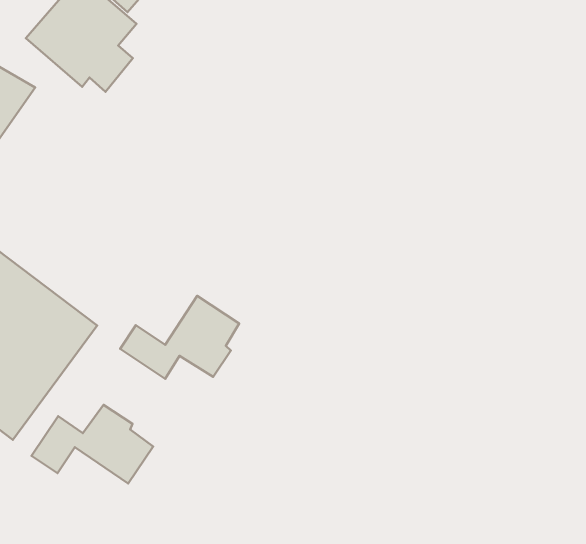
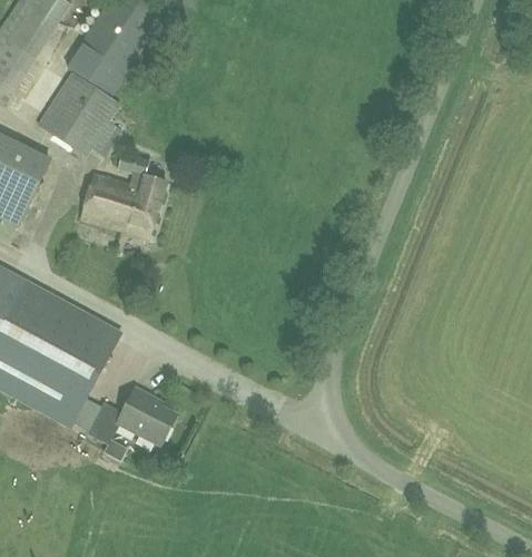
building: none -> [80,153,166,236]
building: [120,296,239,379] -> none

